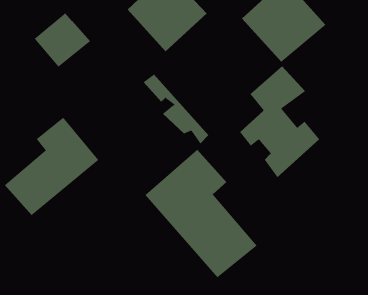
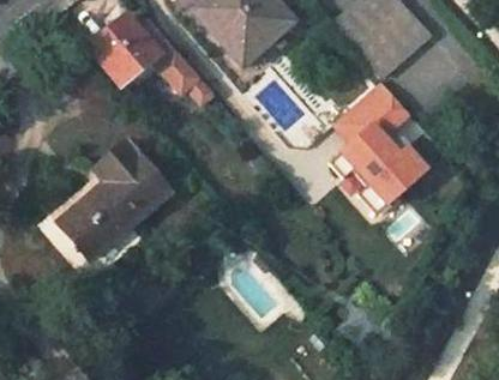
building: [143,74,209,145] -> [136,20,214,103]
building: [145,149,258,278] -> none

